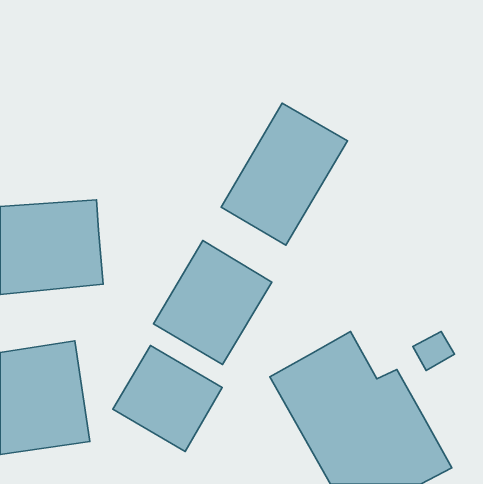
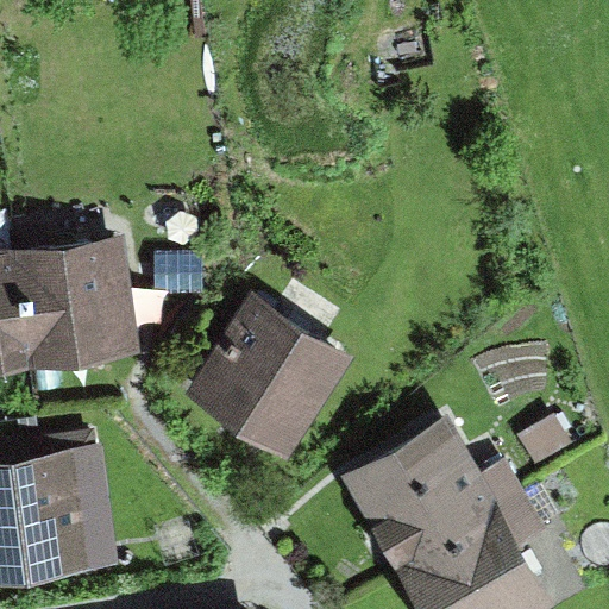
building: [221,103,347,245] -> none
building: [113,346,222,452] -> none

